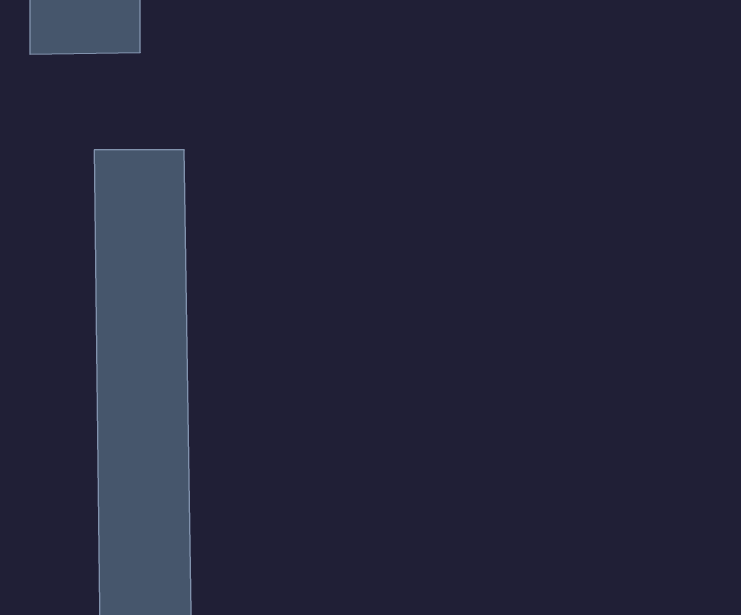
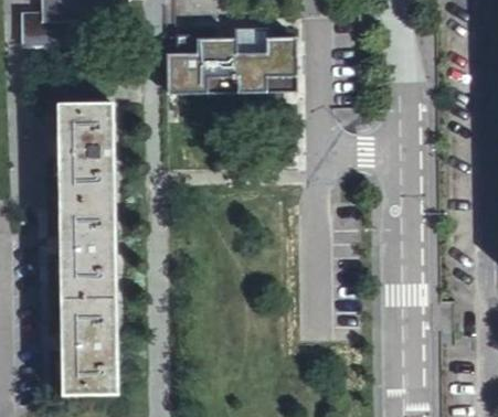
building: none -> [167,26,296,93]

